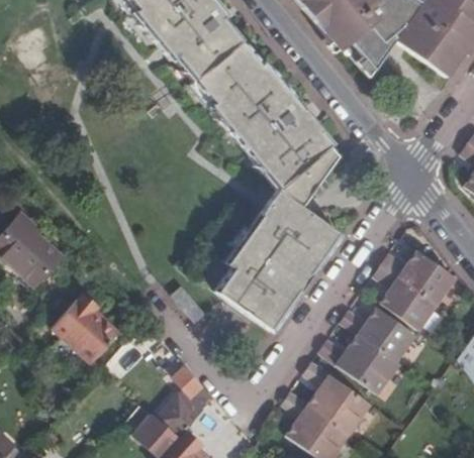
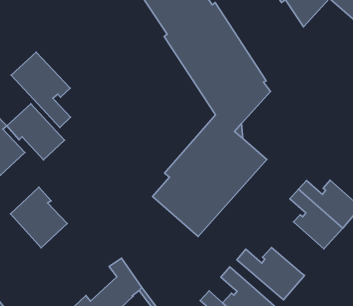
building: none -> [11,52,70,127]
building: none -> [7,104,65,160]
building: [342,306,416,360] -> none

